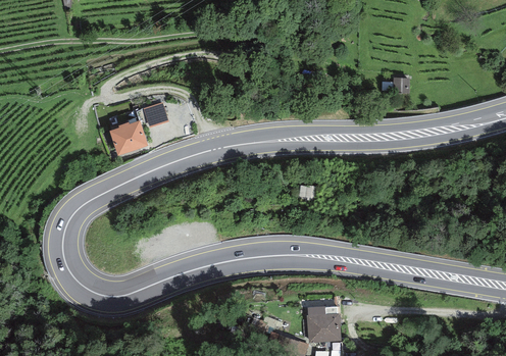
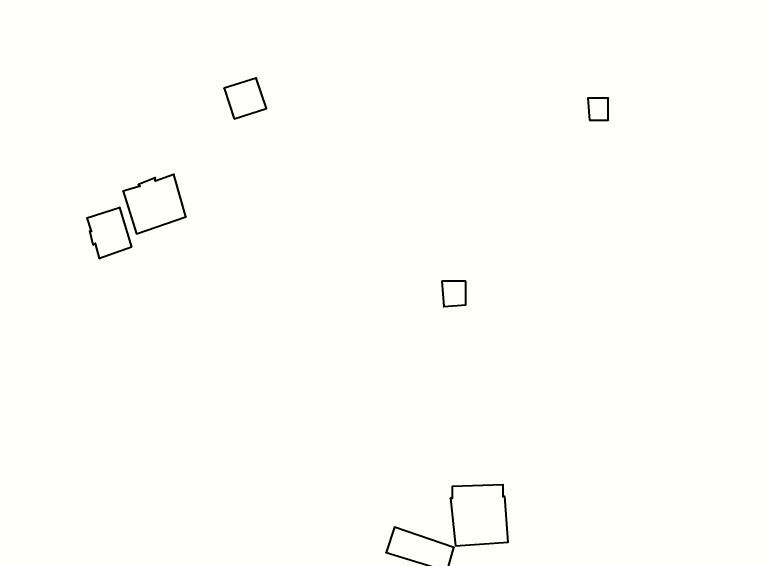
building: [143,102,168,126] -> [224,78,266,119]
building: none -> [87,207,131,259]

